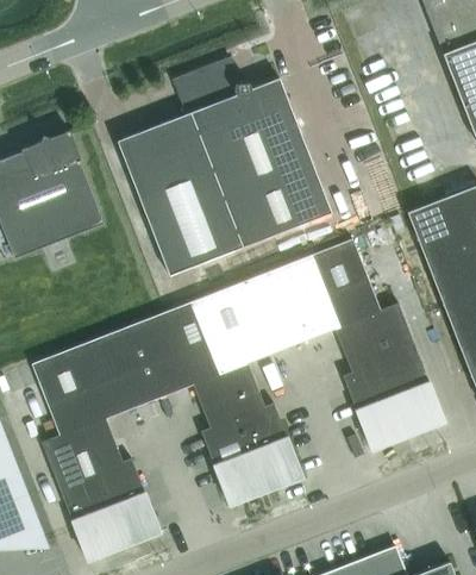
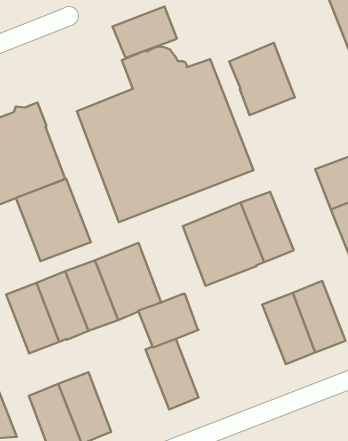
building: none -> [113,6,177,58]
building: none -> [229,43,295,115]
building: none -> [16,179,91,261]
building: [193,281,274,374] -> none
building: [336,304,415,373] -> none
building: [238,402,302,489] -> none
building: [42,418,123,487] -> none

